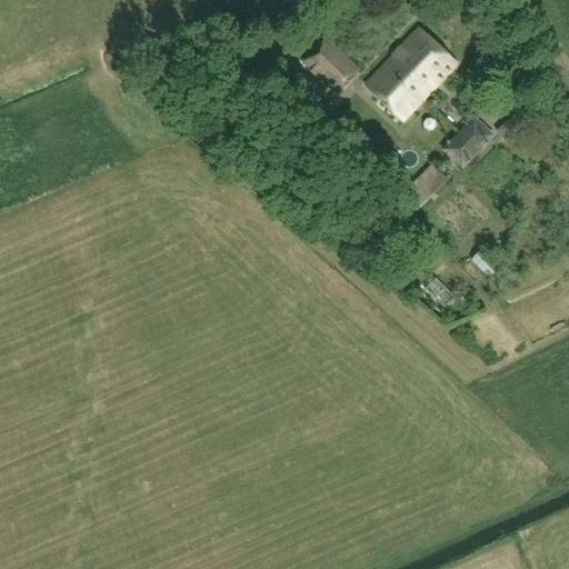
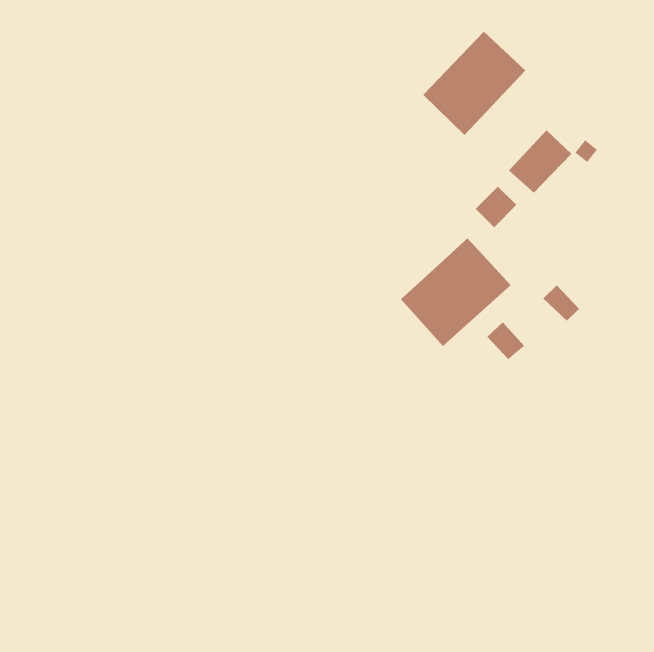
building: [302,34,359,90] -> none
building: none -> [400,238,511,347]

